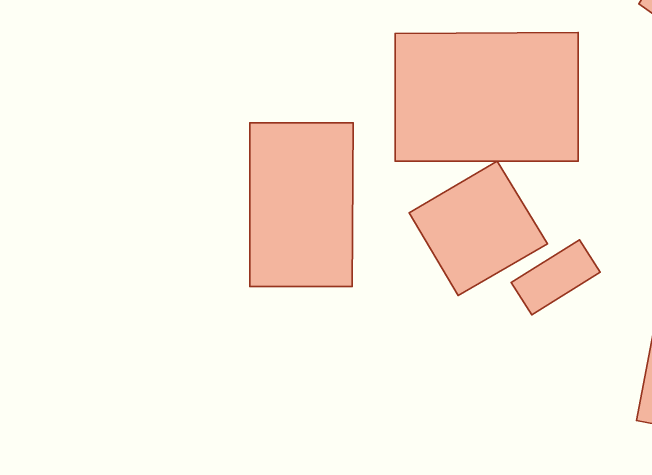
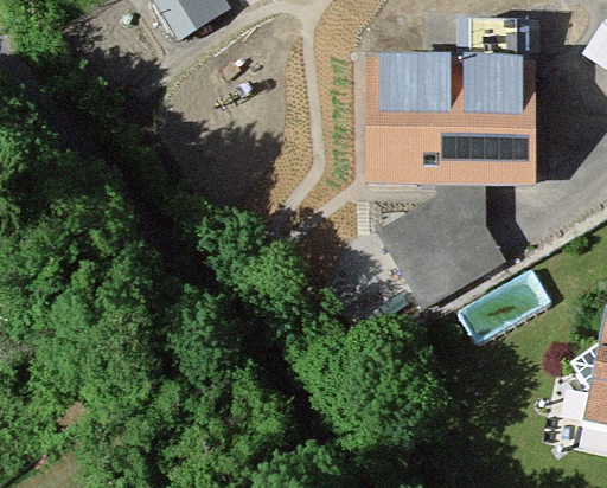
building: [250,123,353,287] -> none

